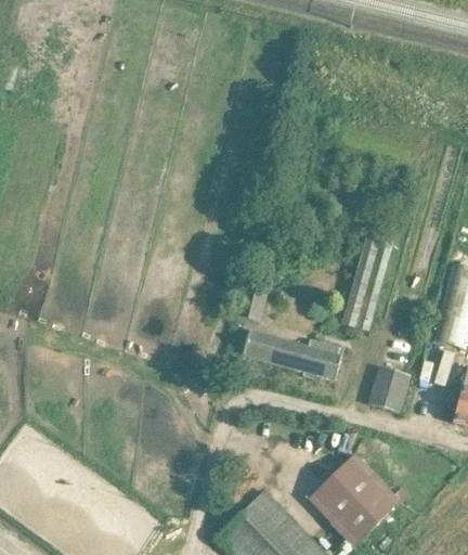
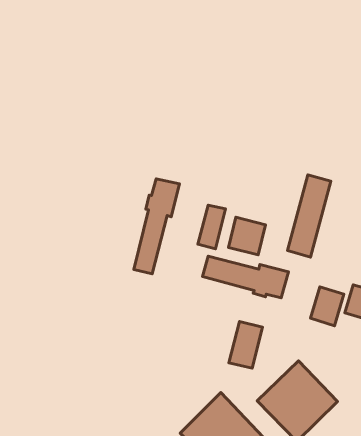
building: none -> [134,179,179,274]
building: none -> [229,217,265,255]
building: none -> [229,321,263,368]

